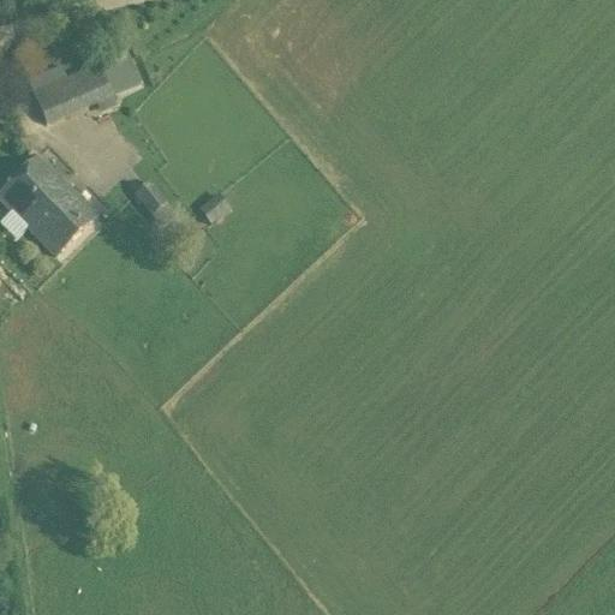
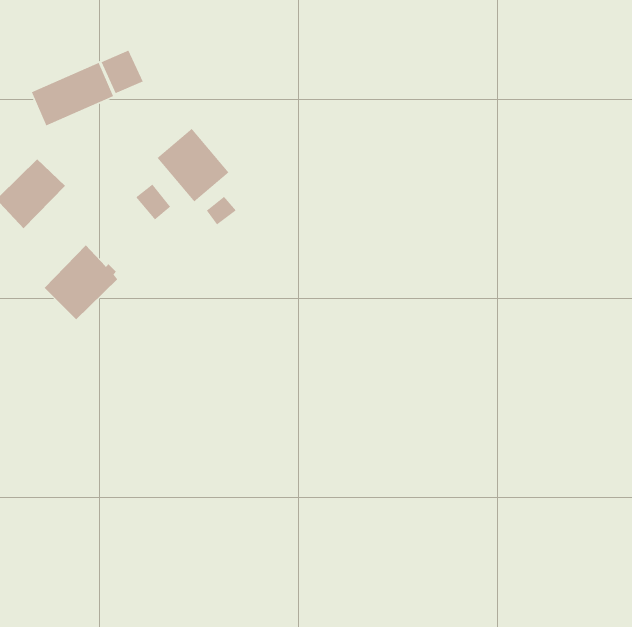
building: none -> [156,128,229,202]
building: [23,180,95,253] -> [44,245,118,320]

